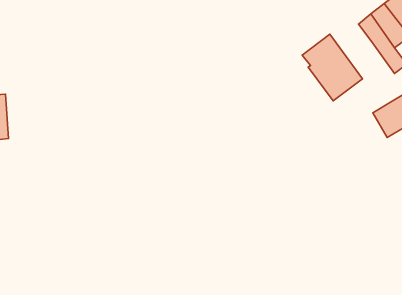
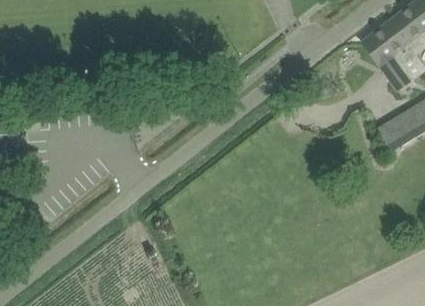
building: [302,34,363,101] -> none

